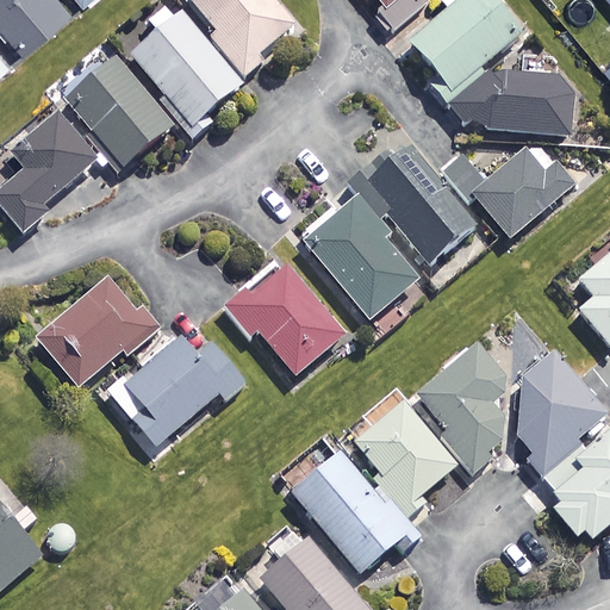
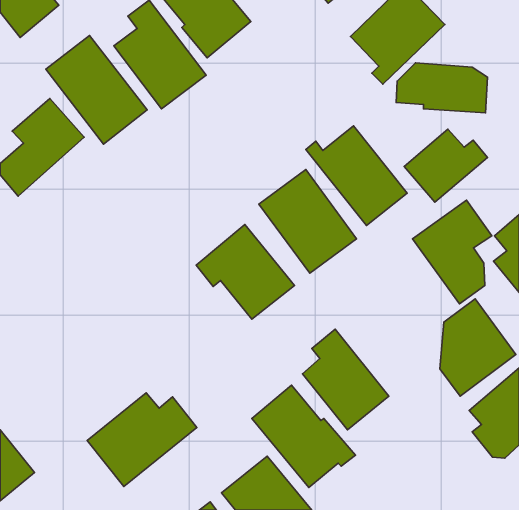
building: [38,278,151,386] -> none
building: [113,336,242,446] -> [87,393,197,486]
building: [418,344,511,466] -> [413,200,492,304]

